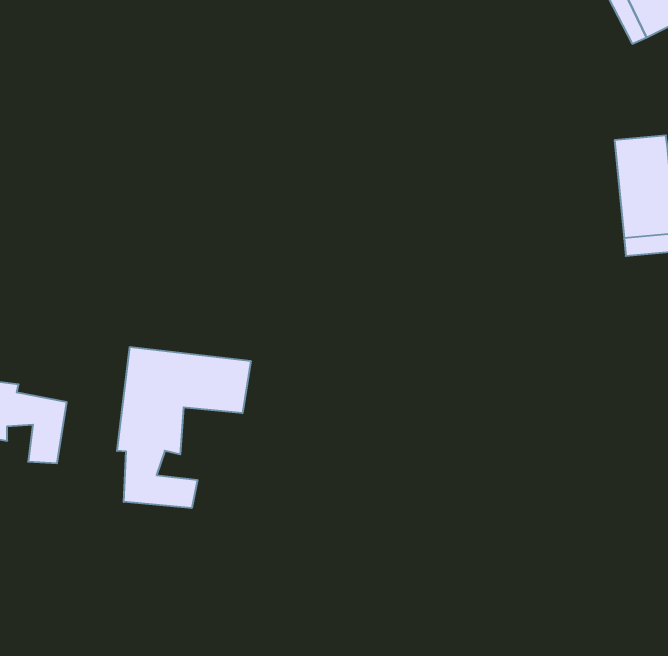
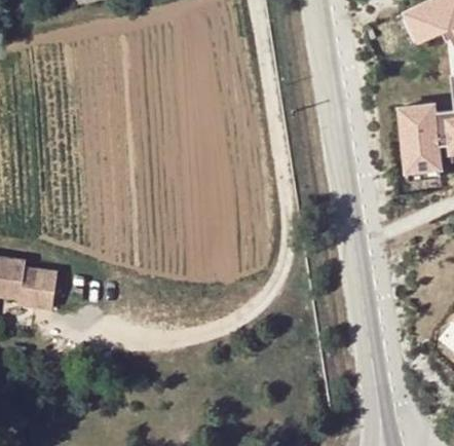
building: [117,347,251,508] -> none

